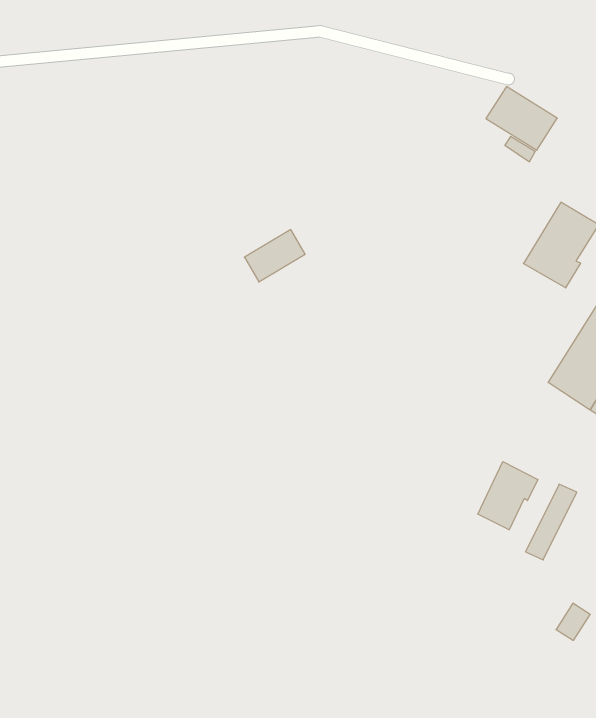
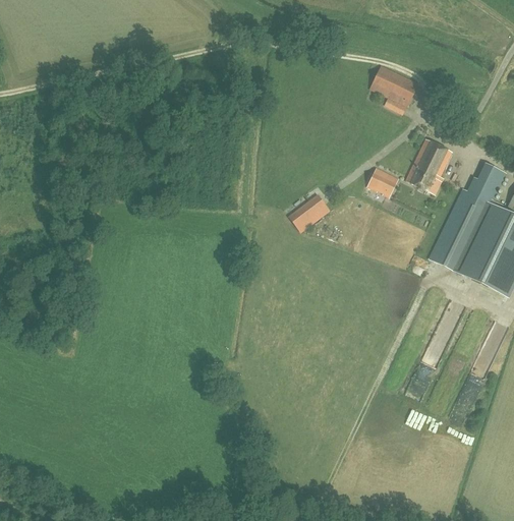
building: [244,230,305,282] -> [289,193,329,230]
building: none -> [366,167,398,196]
building: [478,462,538,530] -> none

